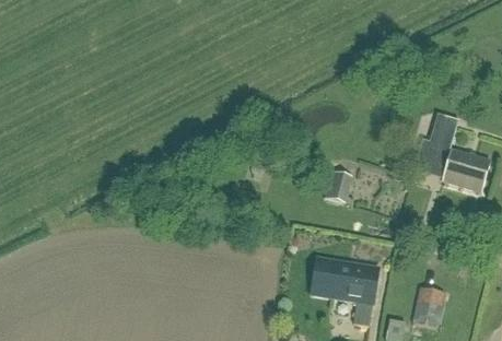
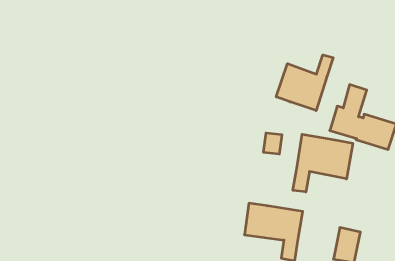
building: none -> [276,55,333,111]
building: none -> [293,134,353,192]

